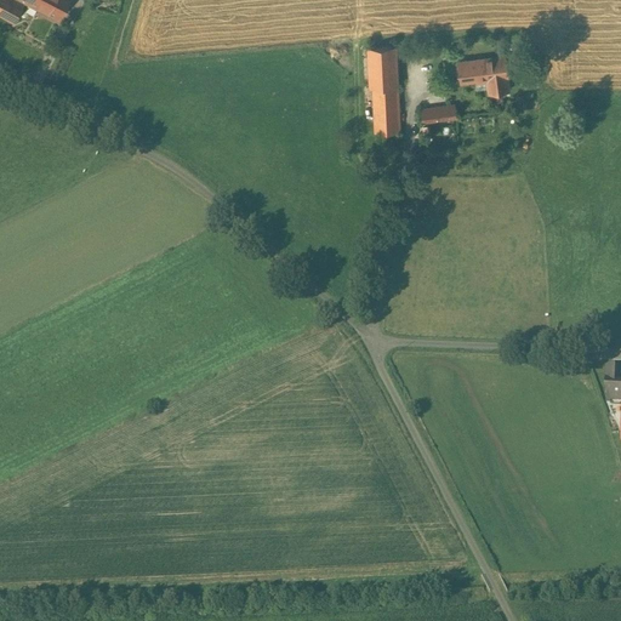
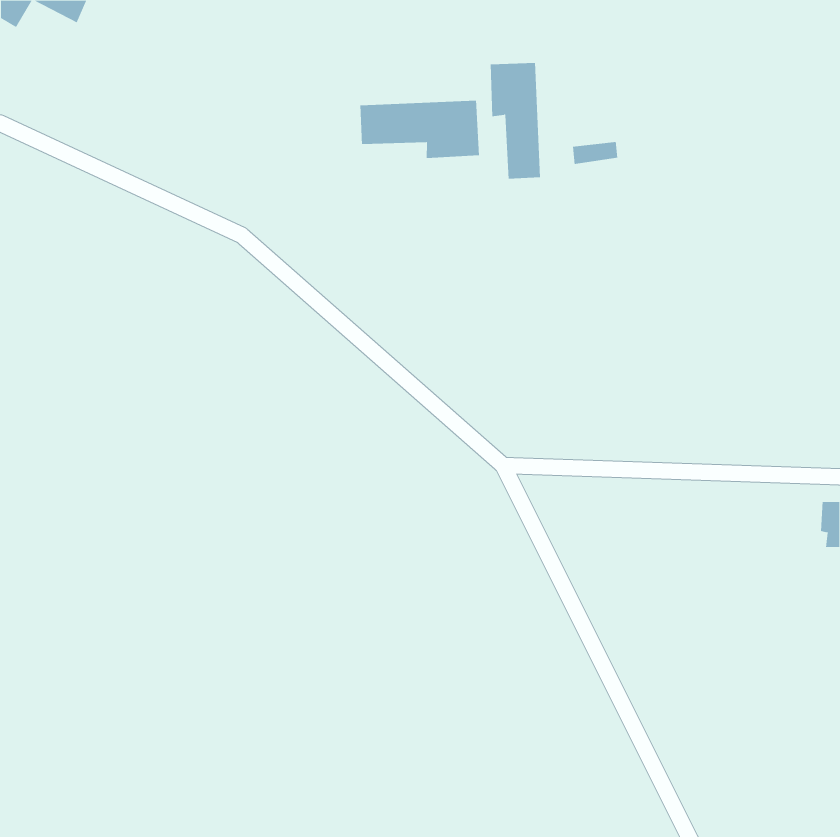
building: [458,57,511,96] -> none
building: none -> [360,100,479,159]

